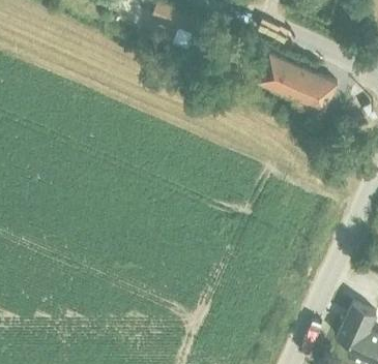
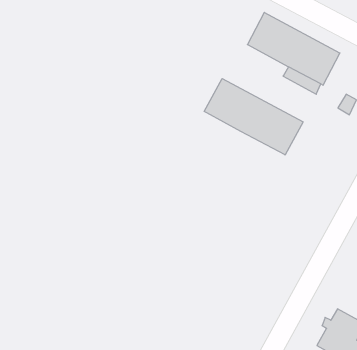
building: none -> [204,79,303,155]

